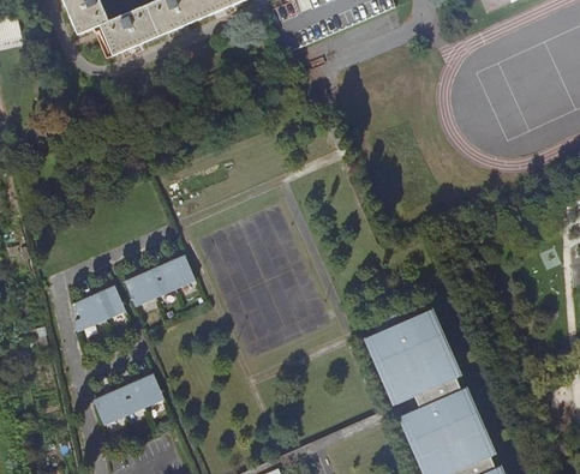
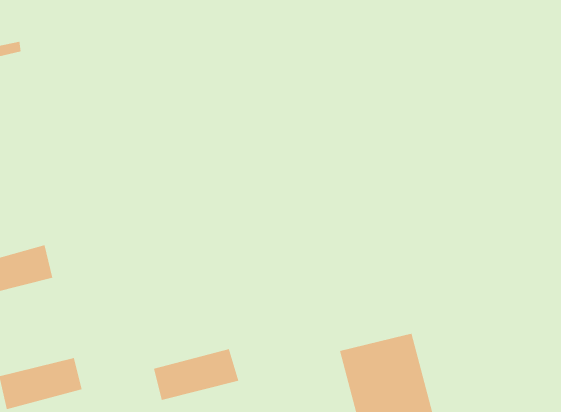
building: [124,256,196,307] -> [153,348,239,401]

